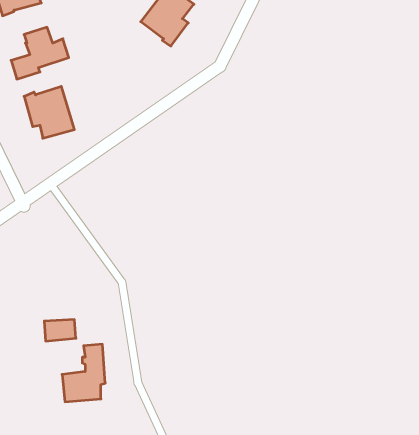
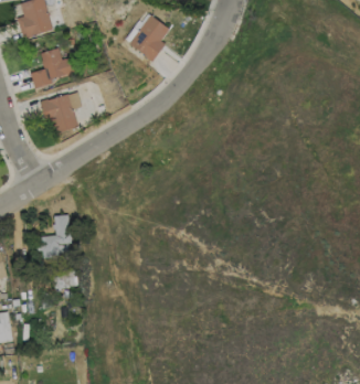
building: [62,344,105,402] -> [39,214,72,258]

